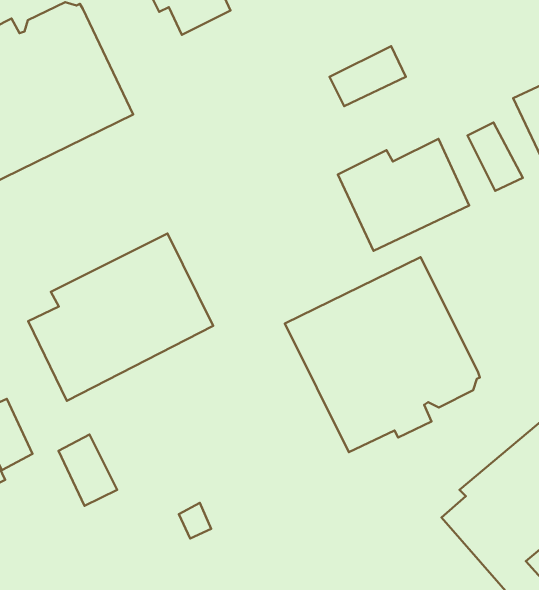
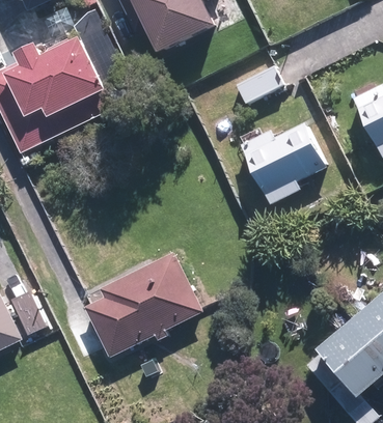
building: [28,233,213,401] -> [84,249,202,356]
building: [285,257,480,452] -> none

